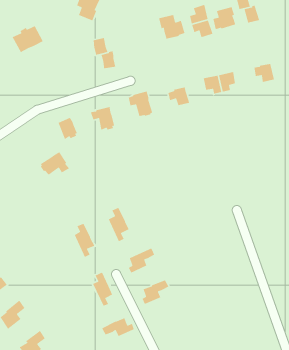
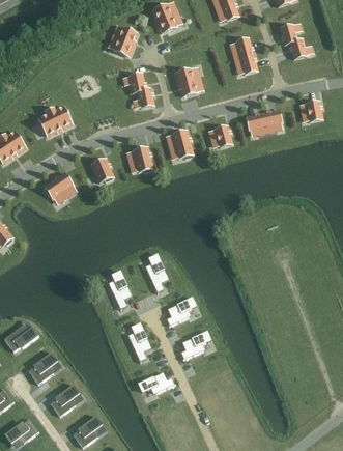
building: [213,6,236,30] -> none
building: [158,14,185,39] -> [174,68,203,95]
building: [12,25,44,53] -> [37,106,72,136]
building: [40,151,70,176] -> [44,172,76,199]

